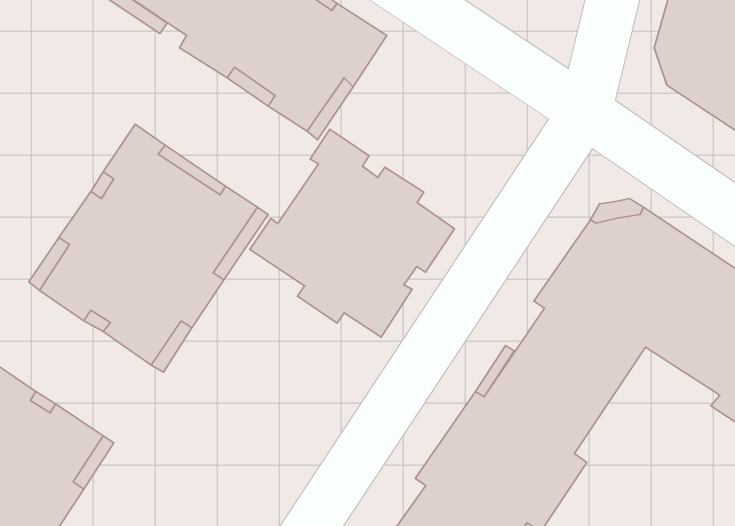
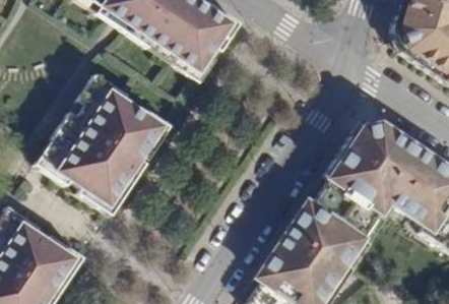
building: [250,129,455,337] -> none

